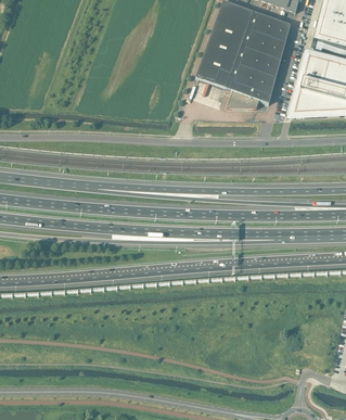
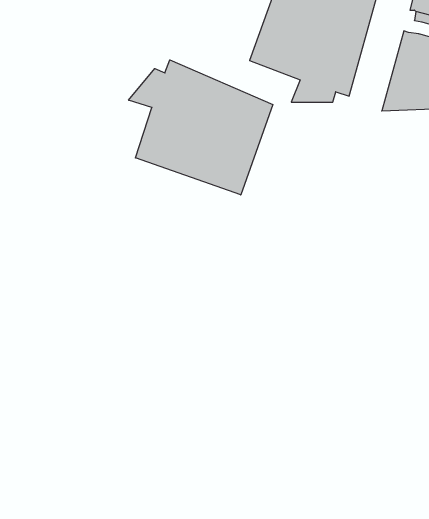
building: none -> [129,60,273,195]

